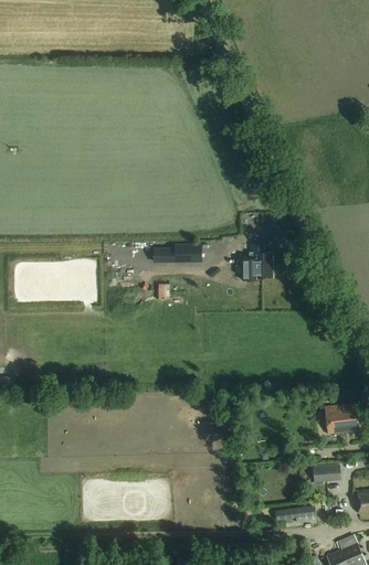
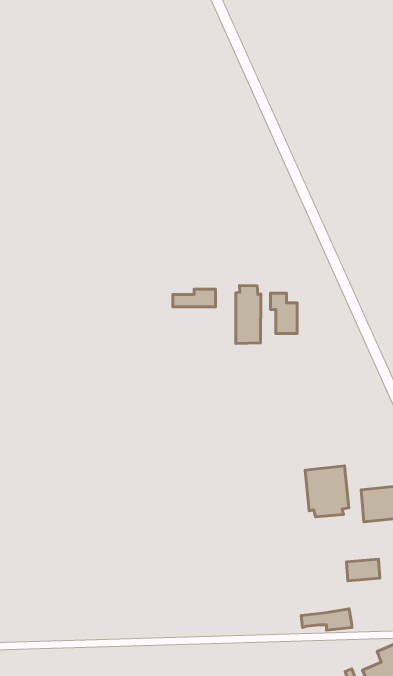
building: none -> [236,285,261,344]
building: none -> [305,466,349,517]

